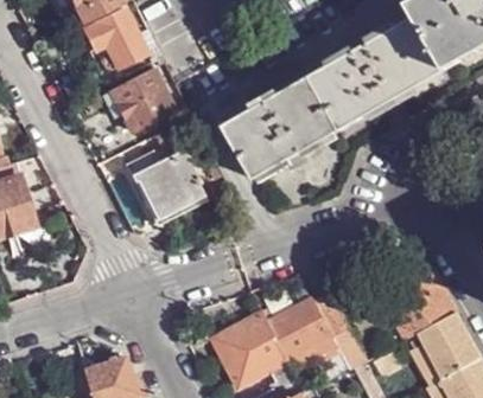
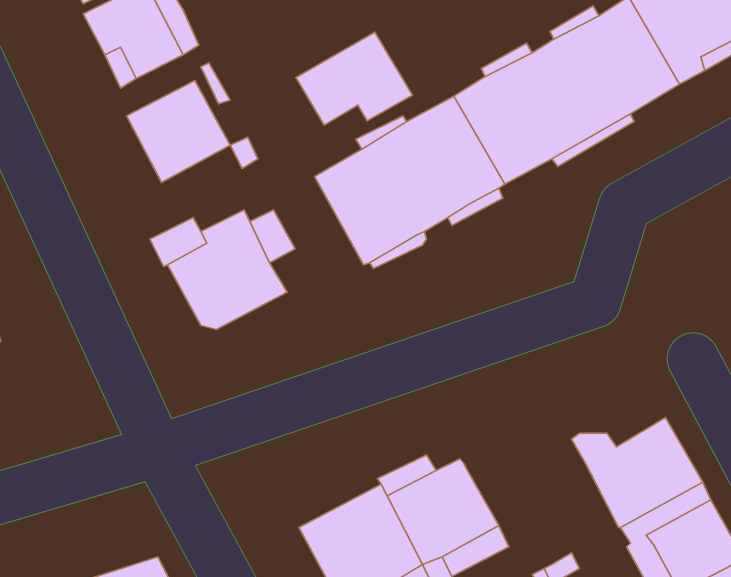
building: none -> [296,32,412,125]

